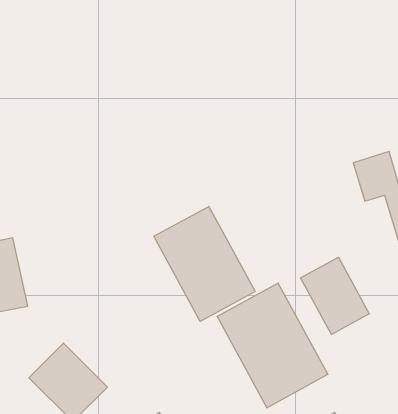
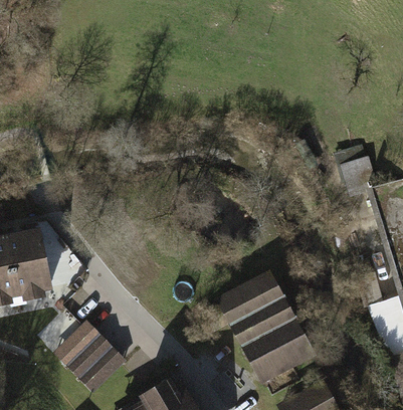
building: [154,206,255,321] -> none
building: [301,257,369,335] -> none

